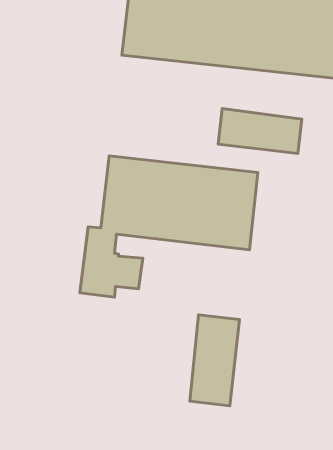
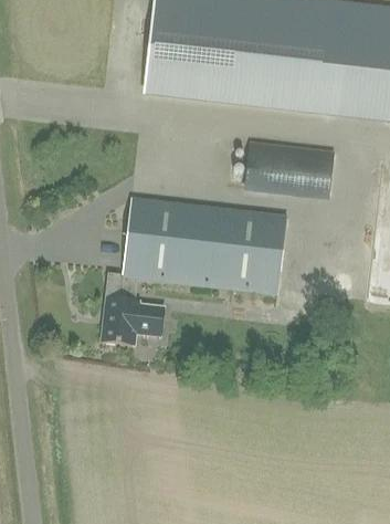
building: [190,315,240,406] -> none

